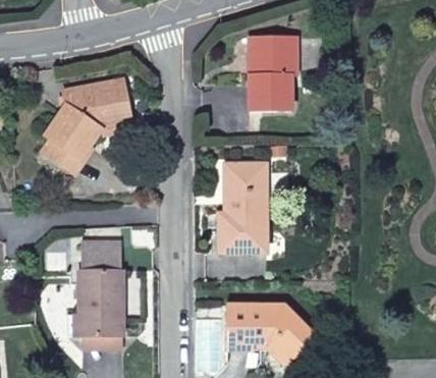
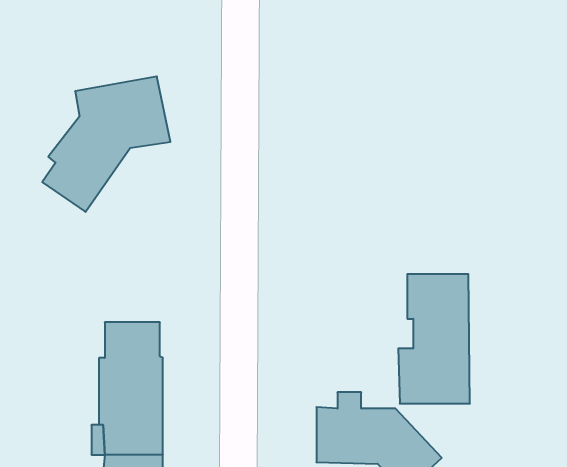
building: [248,36,296,110] -> none
building: [217,164,266,253] -> [398,274,470,404]

